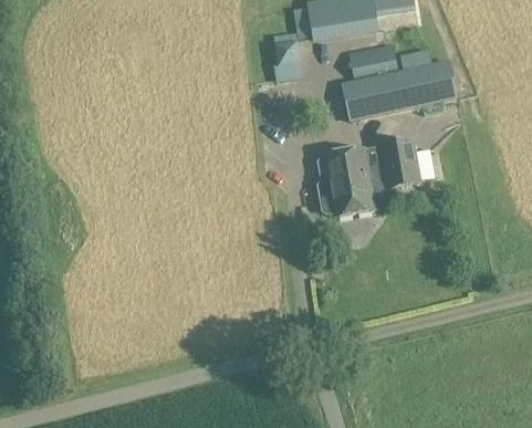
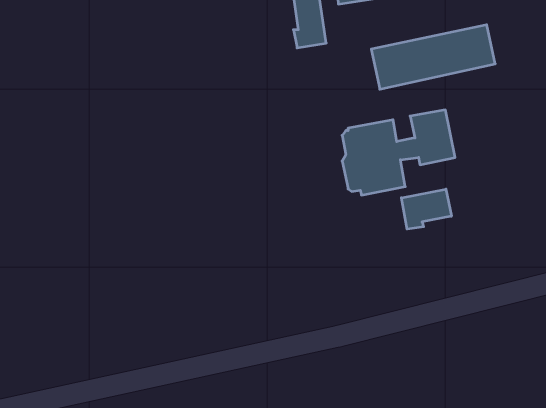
building: [350,44,397,74] -> none
building: none -> [401,189,451,229]

